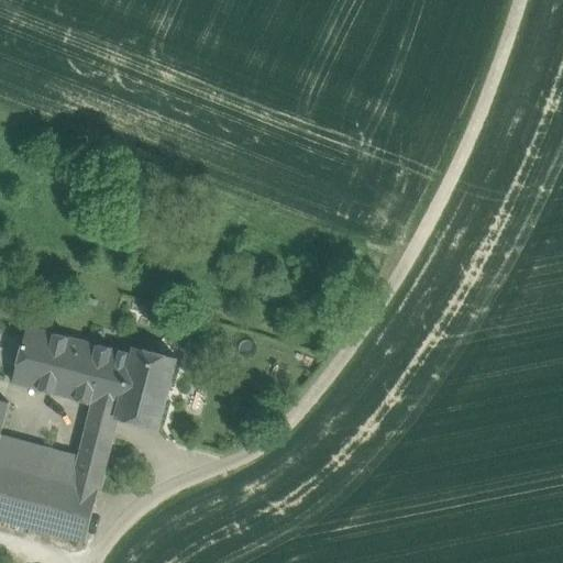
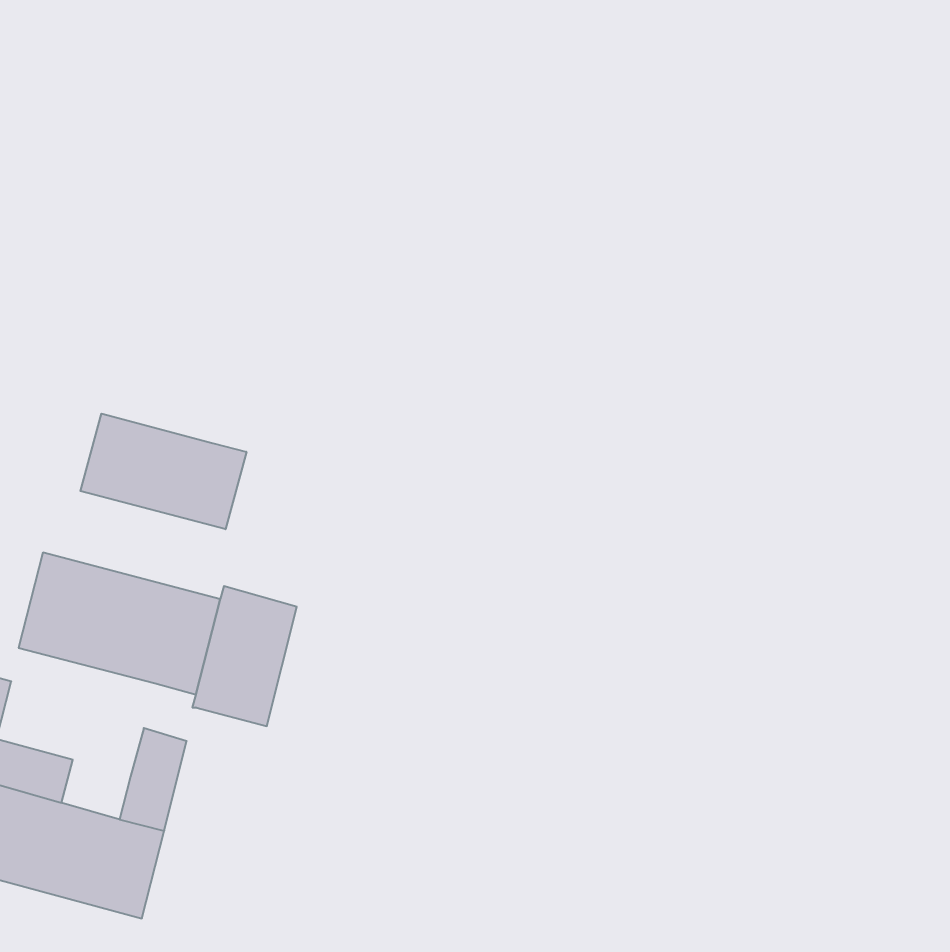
building: none -> [80,414,246,529]
building: [85,402,115,437] -> none
building: [36,448,77,483] -> none

